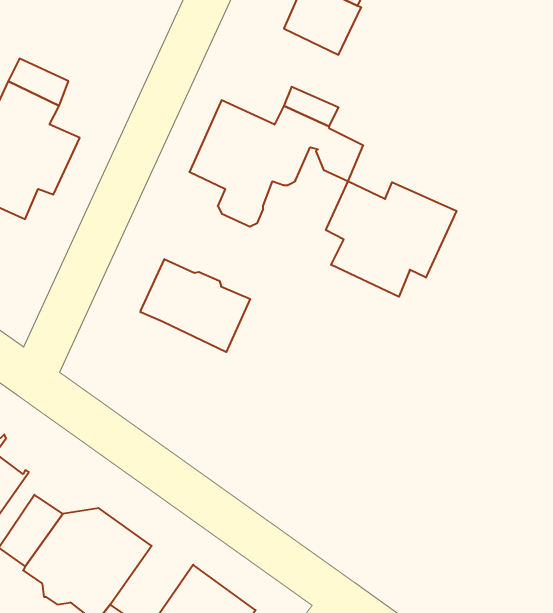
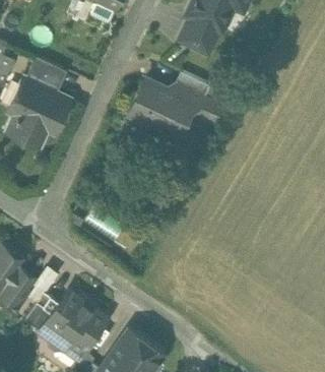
building: [326,181,457,297] -> none
building: [140,259,250,352] -> none

